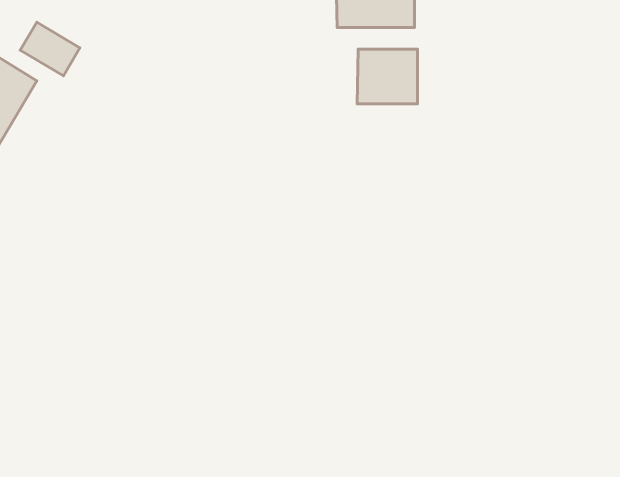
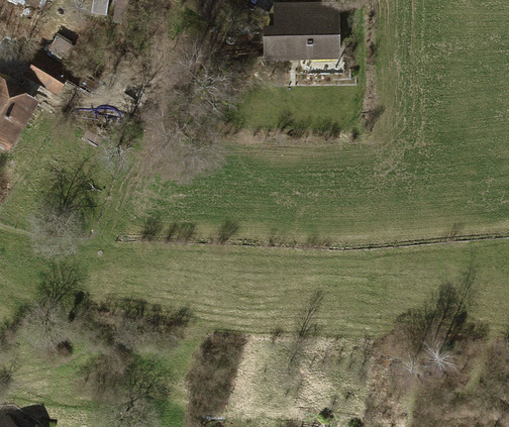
building: [357,49,418,104] -> none

